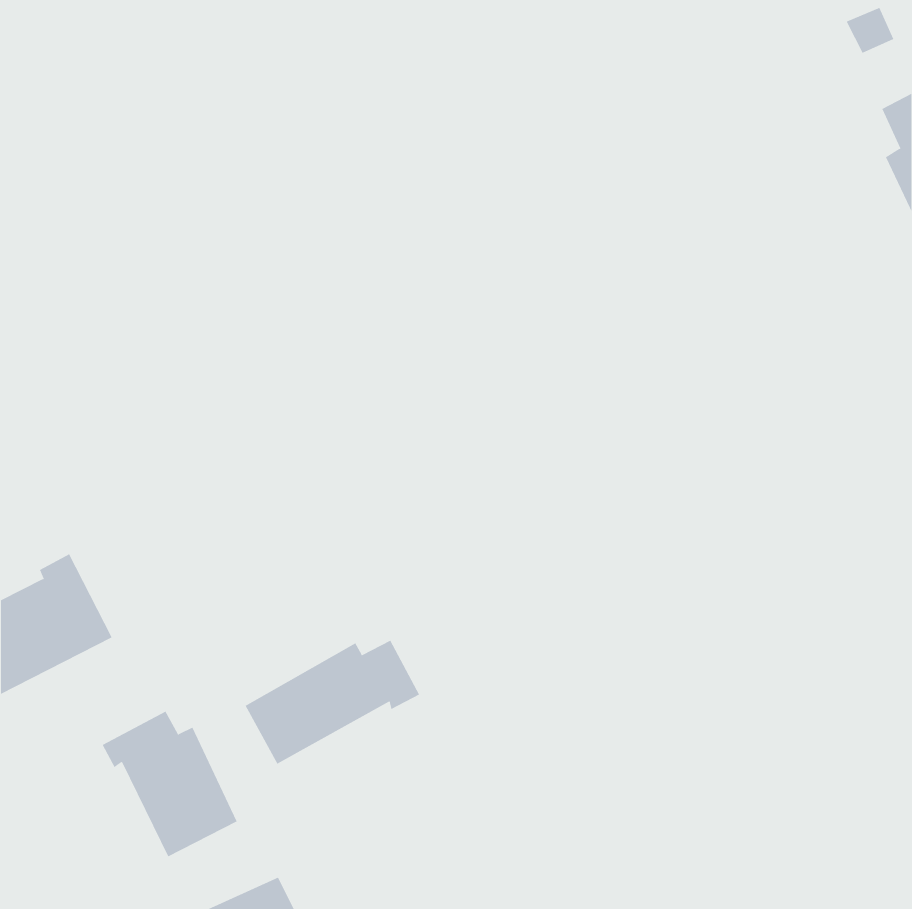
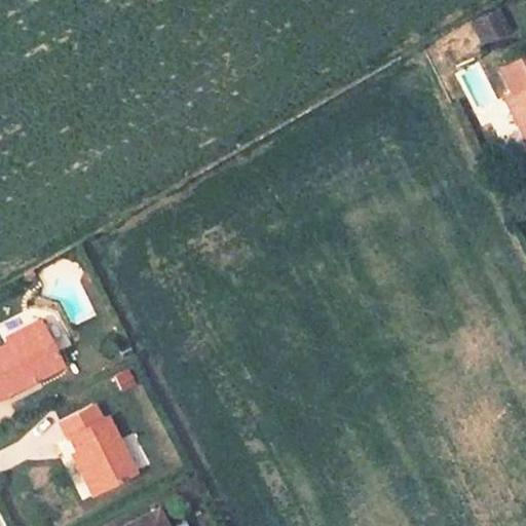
building: [245,640,420,765] -> none

